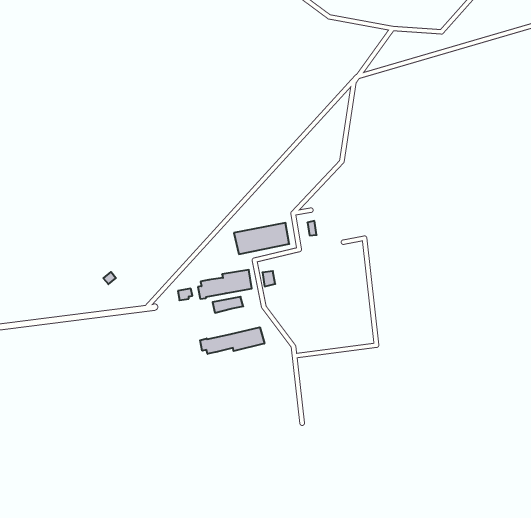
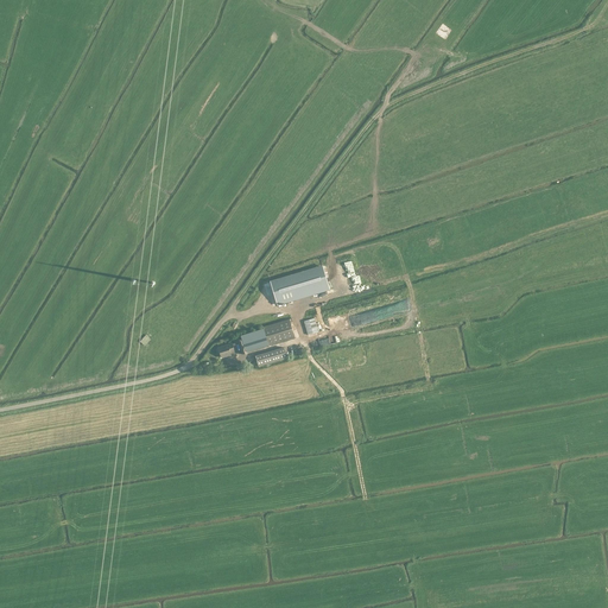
building: [200,327,264,354] -> none

